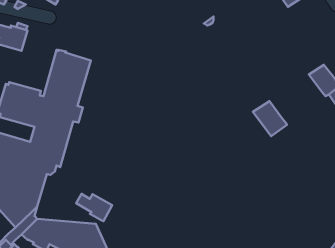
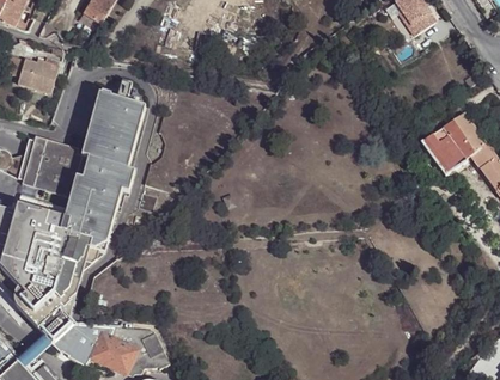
building: [253,101,287,136] -> [420,125,467,173]
building: [76,194,112,221] -> none

